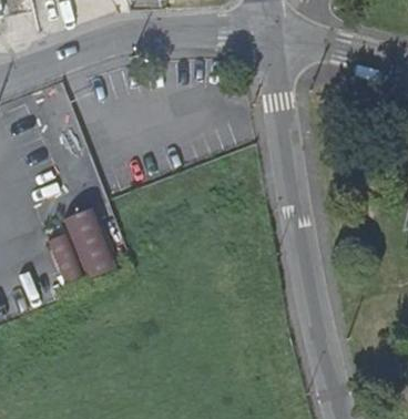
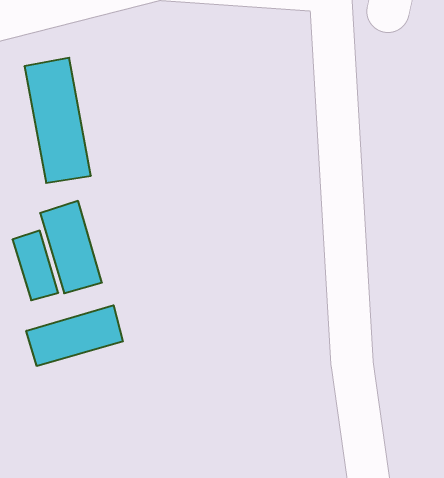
building: none -> [26,305,123,366]

